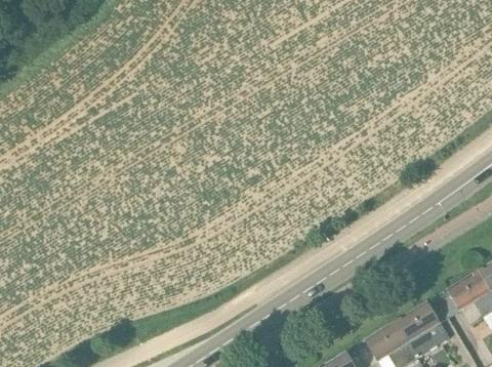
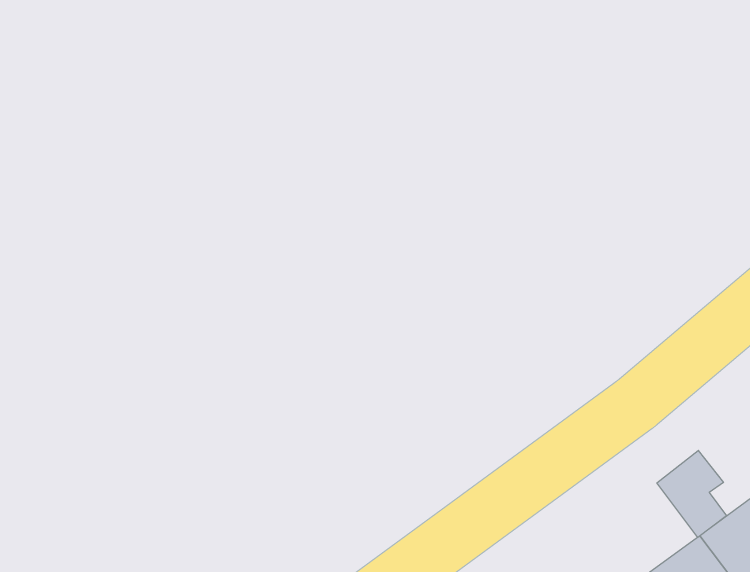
building: none -> [657,450,727,537]

